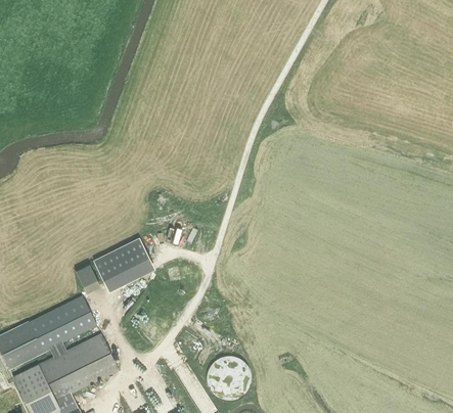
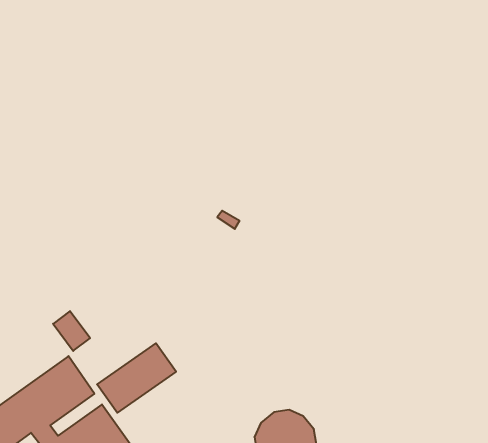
building: [93,239,150,284] -> [97,343,176,413]

